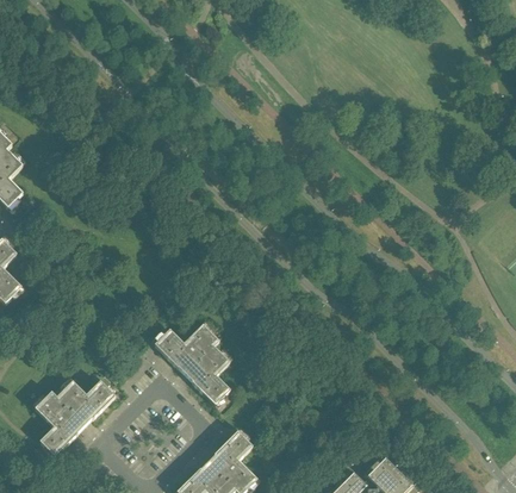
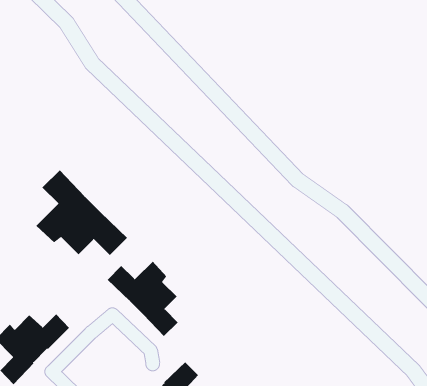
building: none -> [35,170,128,256]

